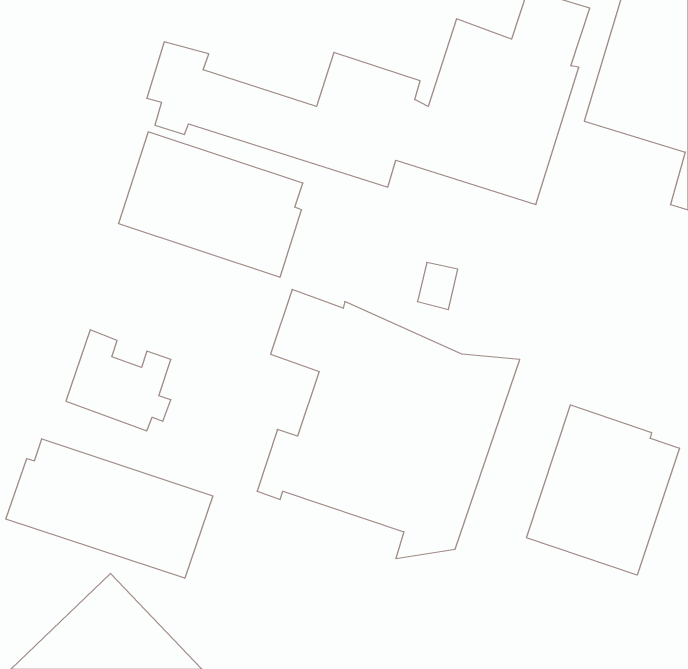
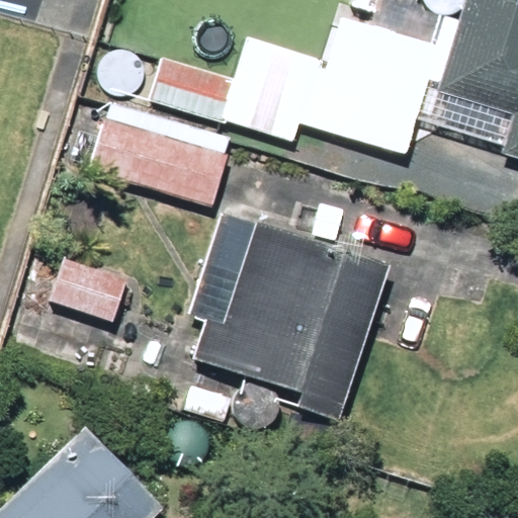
building: [527,405,679,575] -> none
building: [6,439,213,578] -> none

